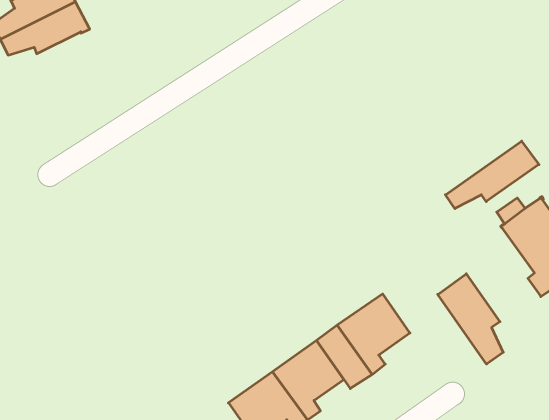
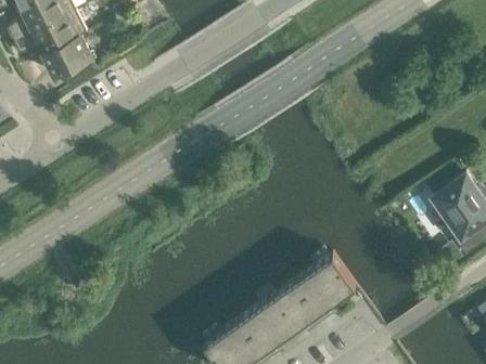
building: none -> [41,36,95,78]
building: [445,141,539,209] -> none
building: [438,274,503,364] -> none

